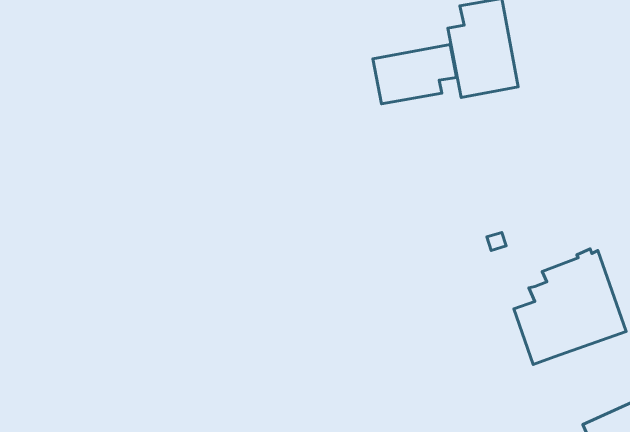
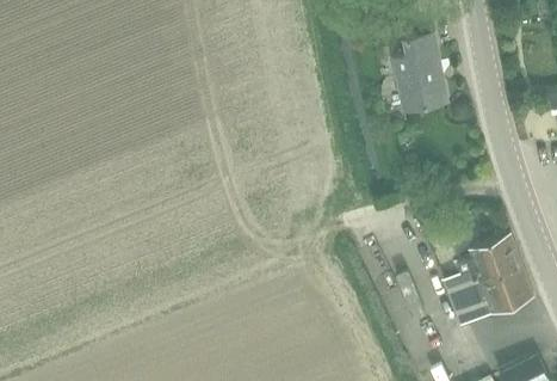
building: [373,45,457,104] -> none

